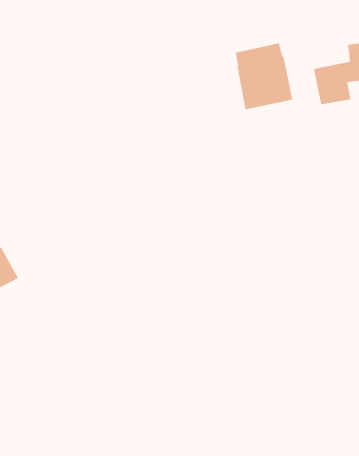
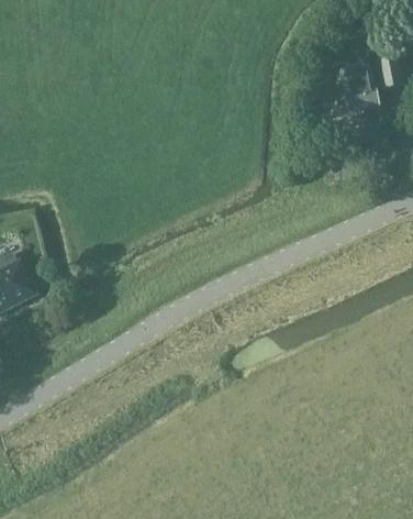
building: [235,43,293,110] -> none

